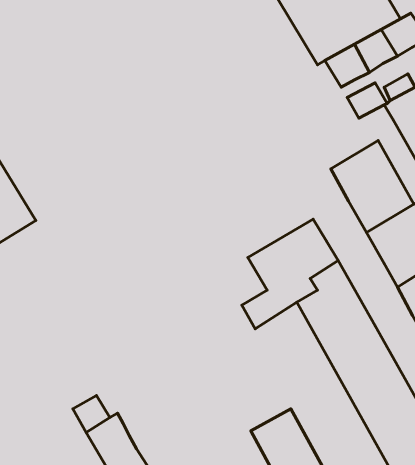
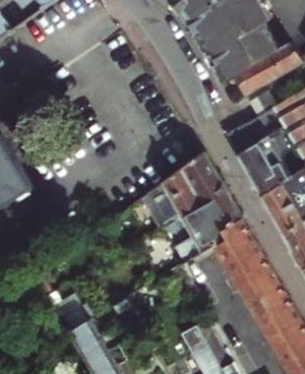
building: none -> [139,151,224,227]

